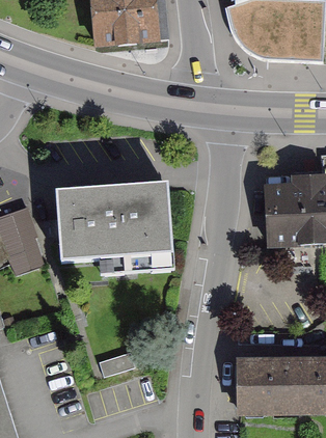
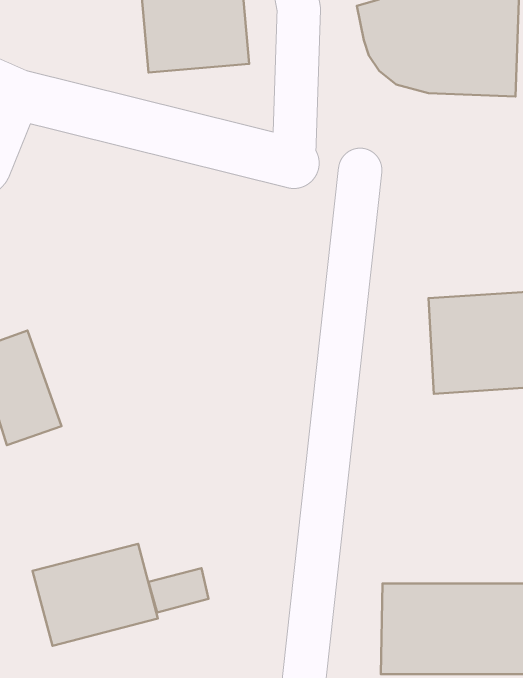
building: [57,183,176,270] -> none
building: none -> [33,544,158,646]

